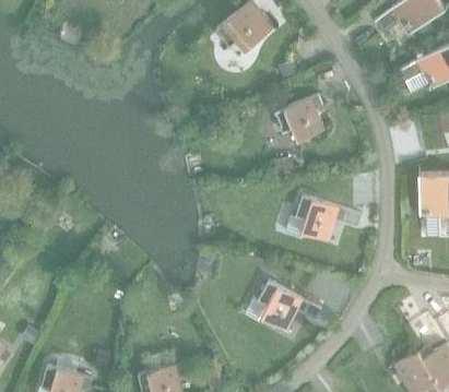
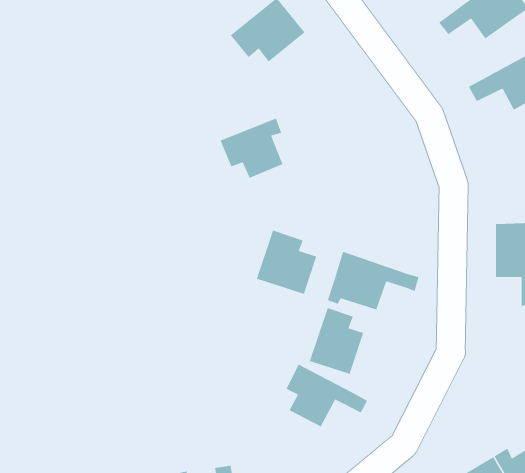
building: [274,94,323,141] -> [219,117,284,179]
building: none -> [256,230,317,295]
building: none -> [309,307,364,375]

